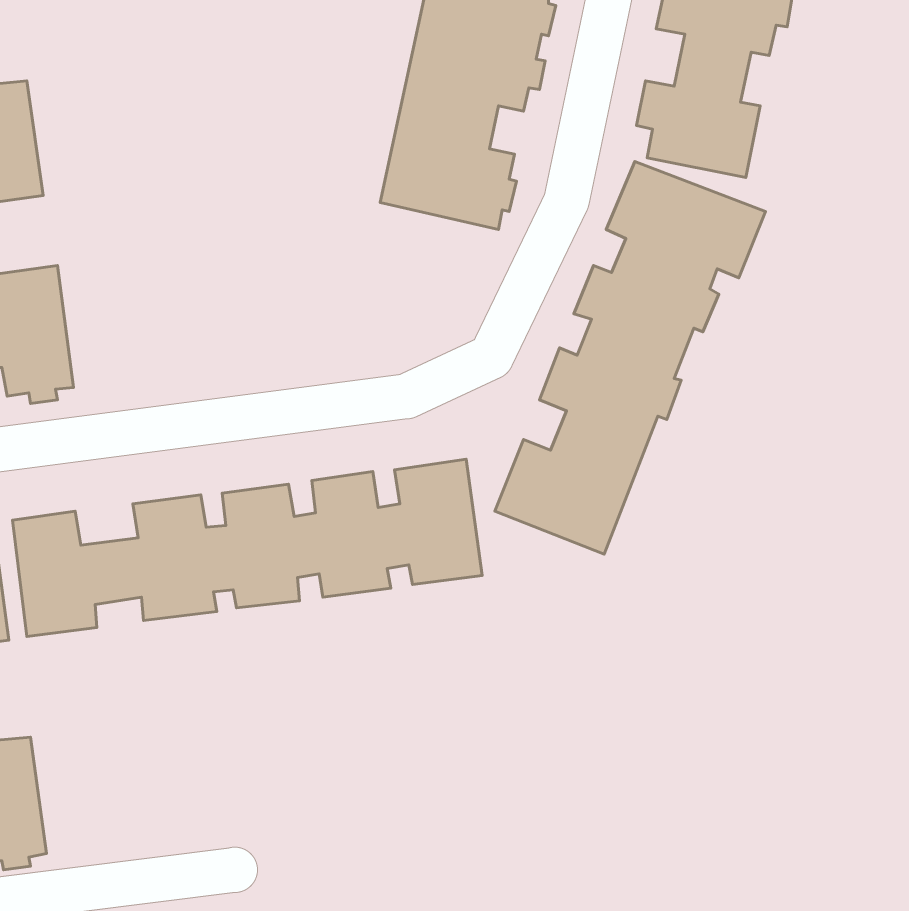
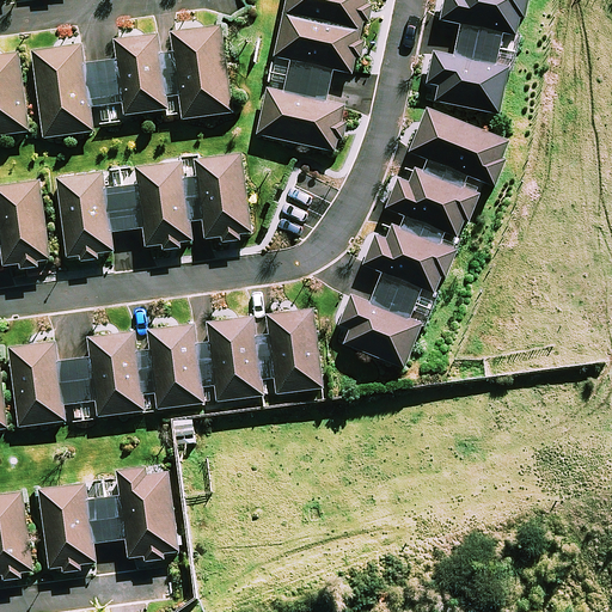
building: none -> [32,25,231,137]
building: none -> [55,152,247,259]
building: none -> [37,466,177,571]

